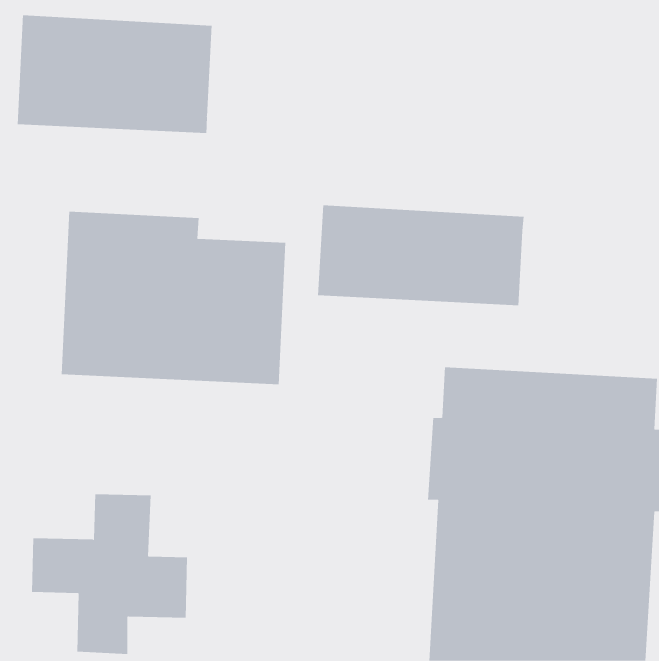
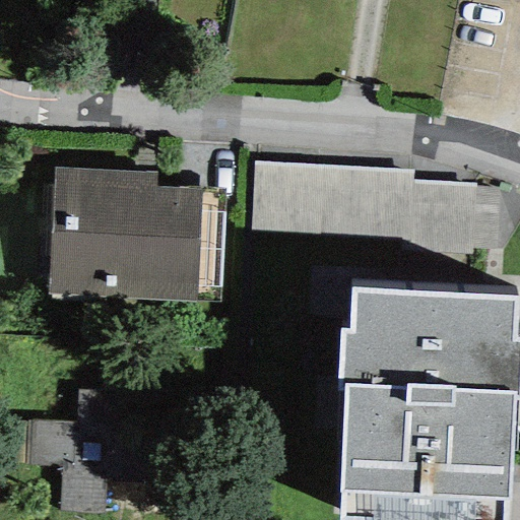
building: [17,15,212,134] -> none
building: none -> [408,181,475,254]

